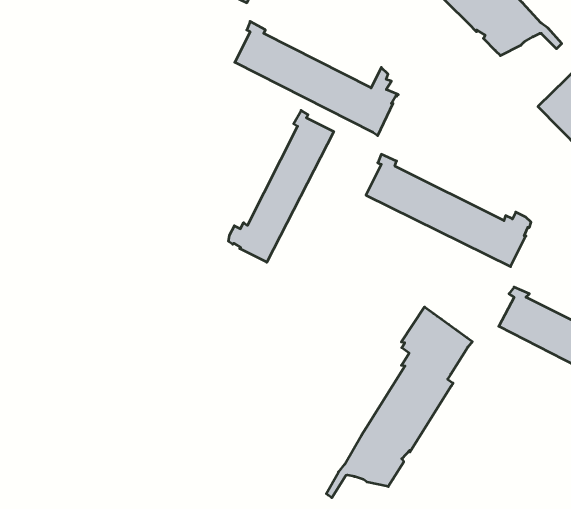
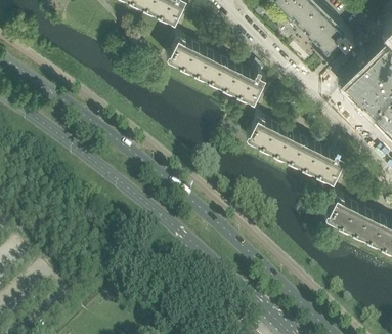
building: [229,110,334,262] -> none
building: [326,307,472,498] -> none

